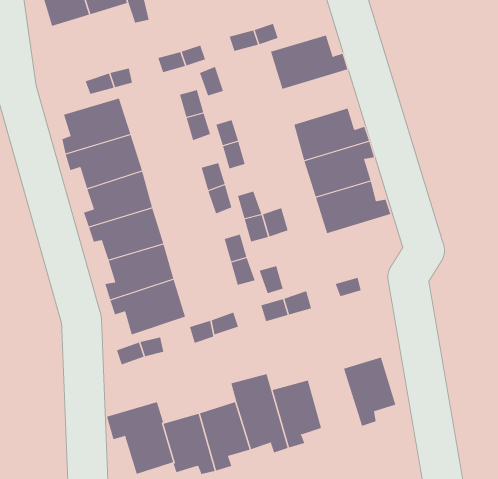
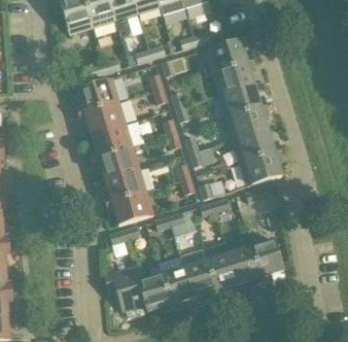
building: none -> [212,60,255,94]
building: none -> [240,149,283,185]
building: none -> [229,245,262,284]

